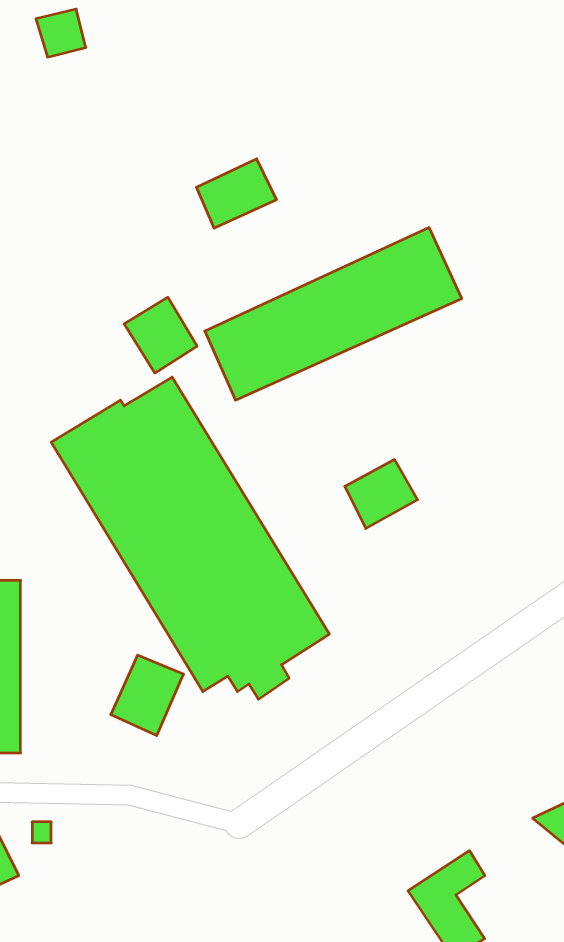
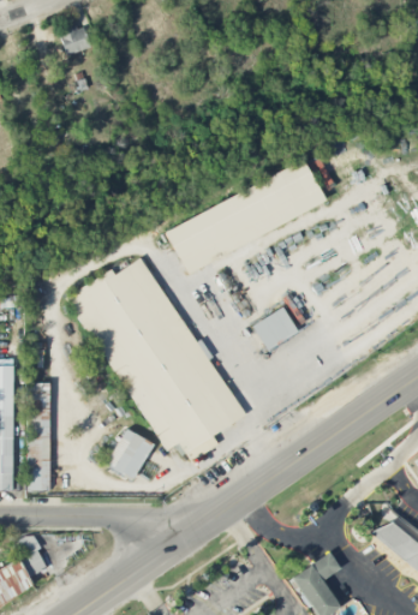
building: [196,159,276,228] -> none
building: [124,297,197,373] -> none

